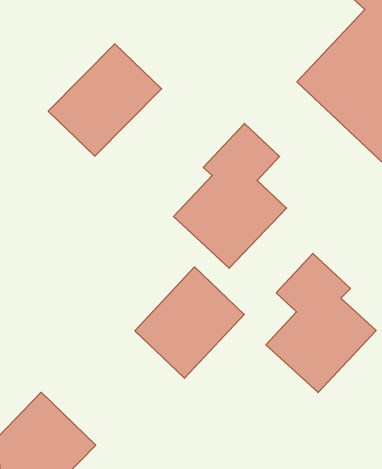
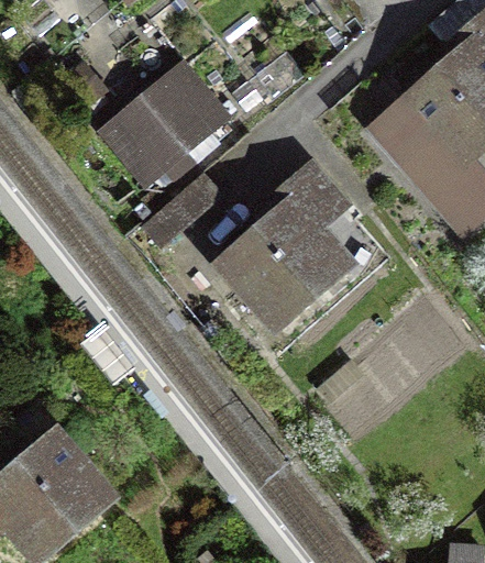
building: [266,253,376,393] -> none
building: [135,267,244,378] -> none

